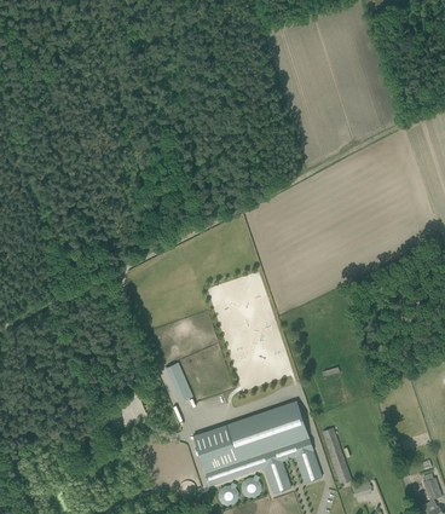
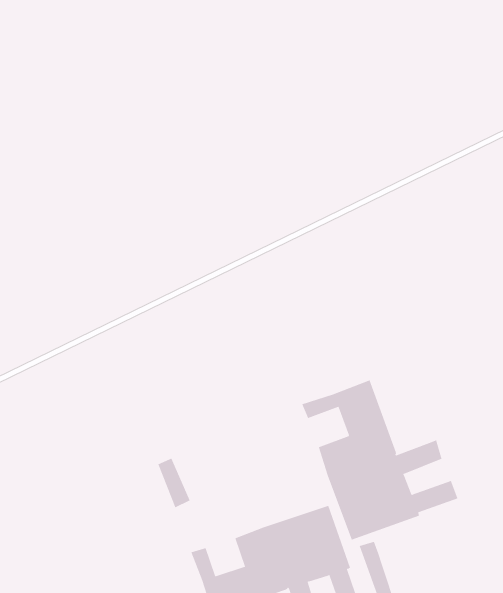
building: none -> [301,379,458,540]

